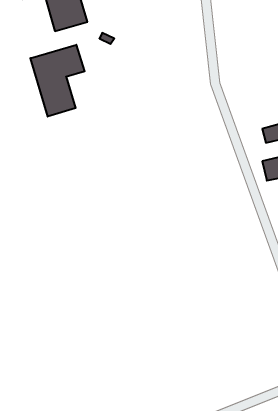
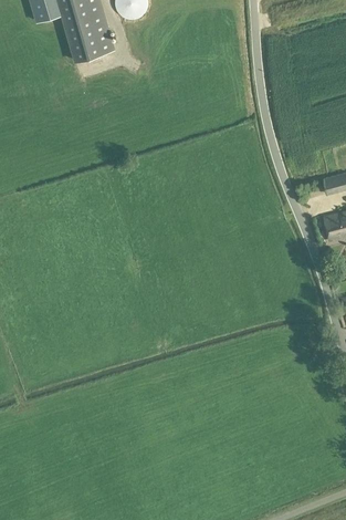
building: [30,45,85,117] -> none

